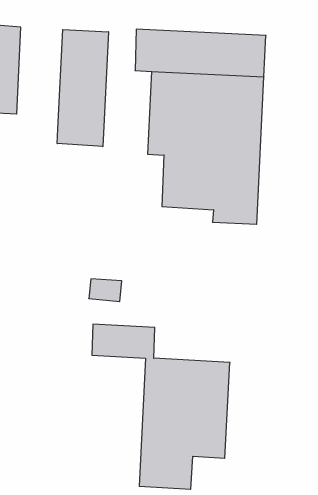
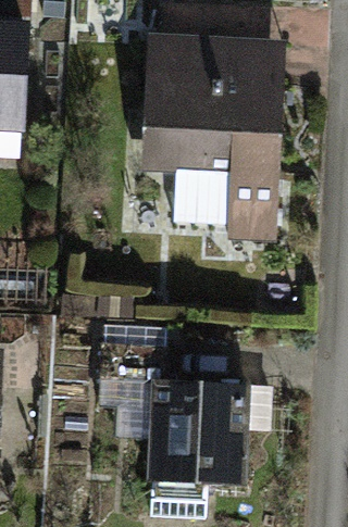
building: [57,30,108,147] -> none

